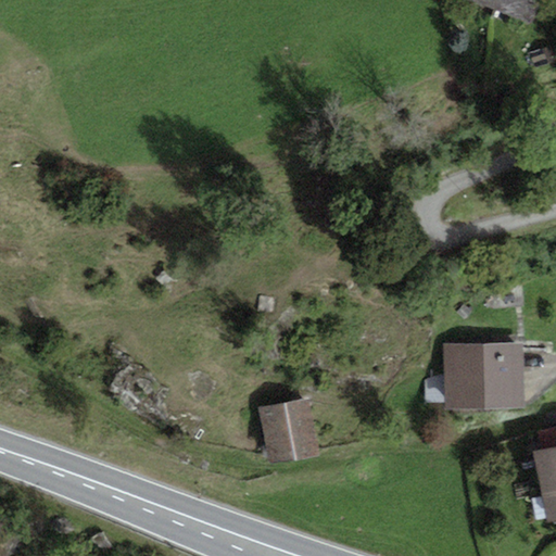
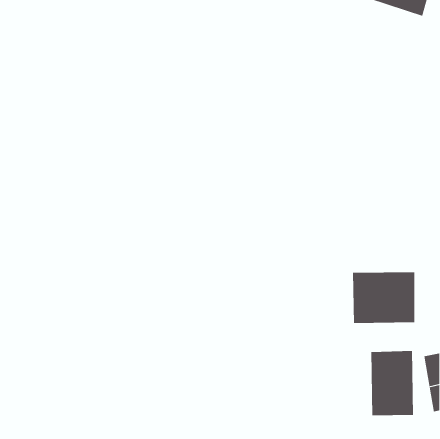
building: [258,396,318,464] -> none
building: none -> [371,350,413,416]

